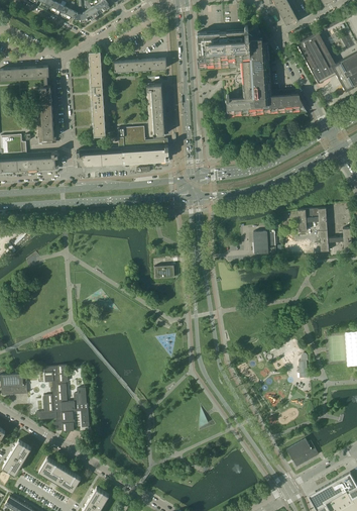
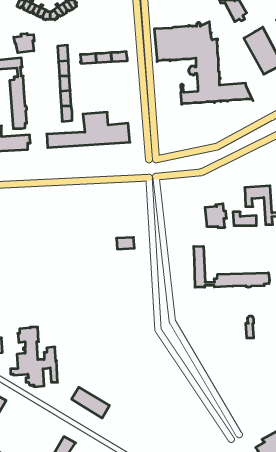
building: none -> [14,33,34,53]
building: [146,84,164,137] -> none
building: none -> [194,246,269,287]
building: [286,438,319,467] -> none
building: [38,457,81,492] -> [72,387,109,418]

